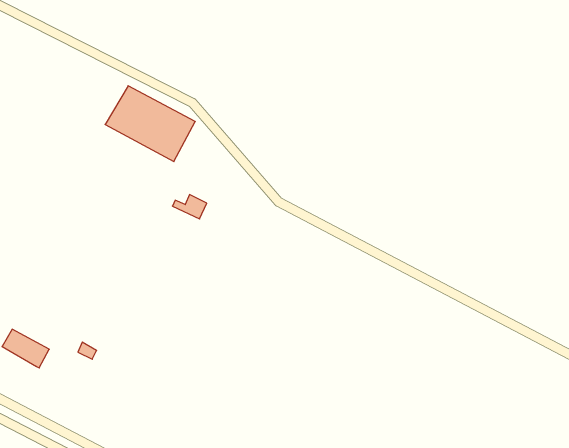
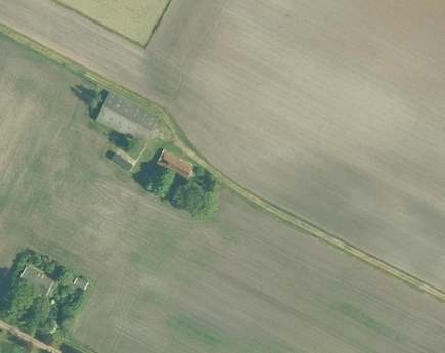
building: none -> [154,148,191,183]

